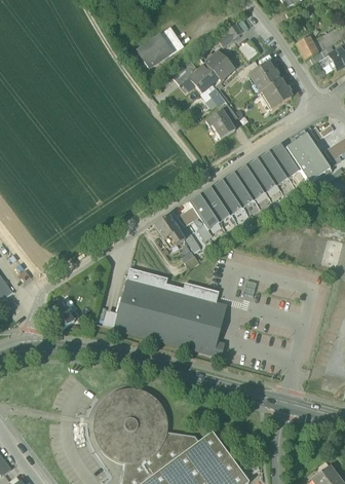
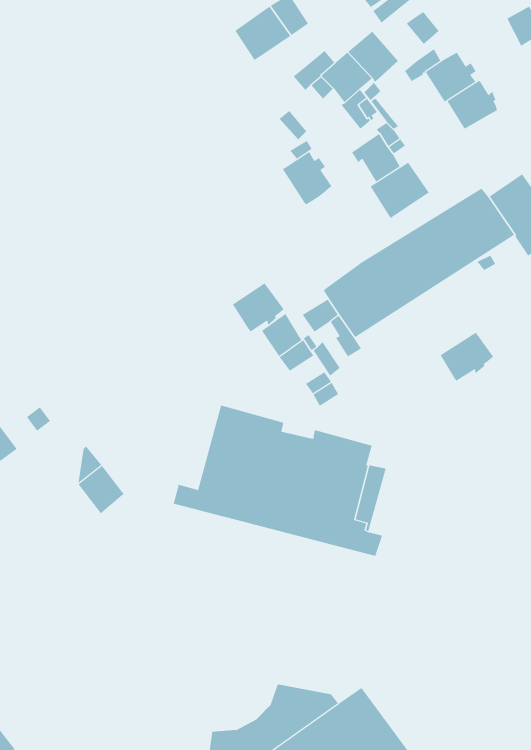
building: none -> [282,151,332,205]
building: none -> [370,162,430,219]
building: none -> [232,283,284,332]
building: none -> [440,332,494,382]
building: [98,394,163,458] -> none

